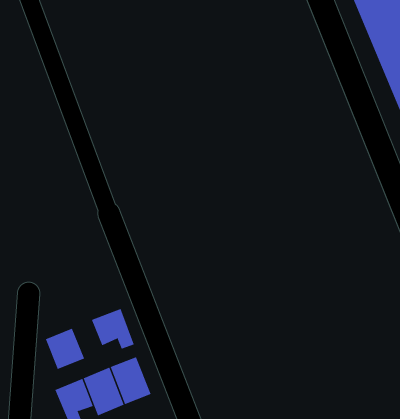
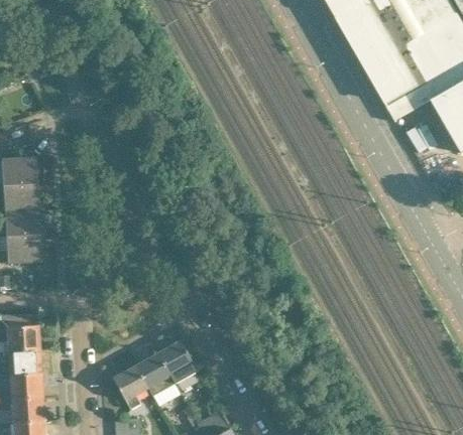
building: [91,308,135,355] -> none
building: [45,328,85,370] -> none

